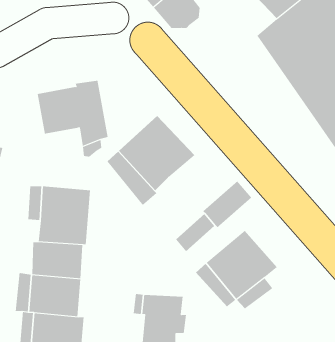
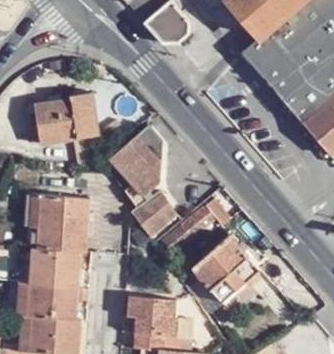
building: none -> [135,197,173,236]

